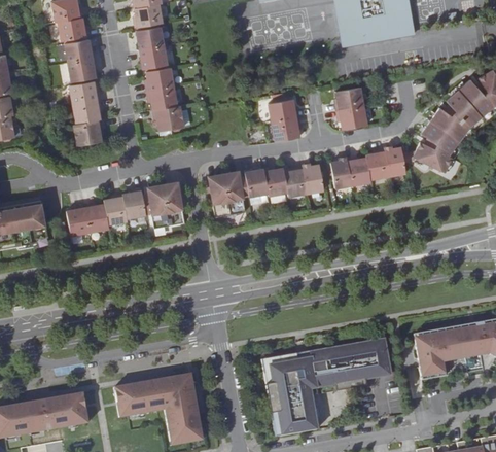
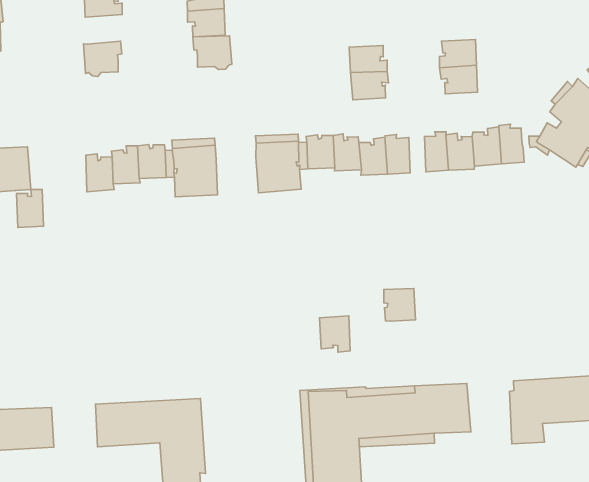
building: [73,99,102,124] -> none
building: [67,205,90,235] -> [16,189,43,227]
building: none -> [384,288,416,321]
building: none -> [320,316,350,352]

